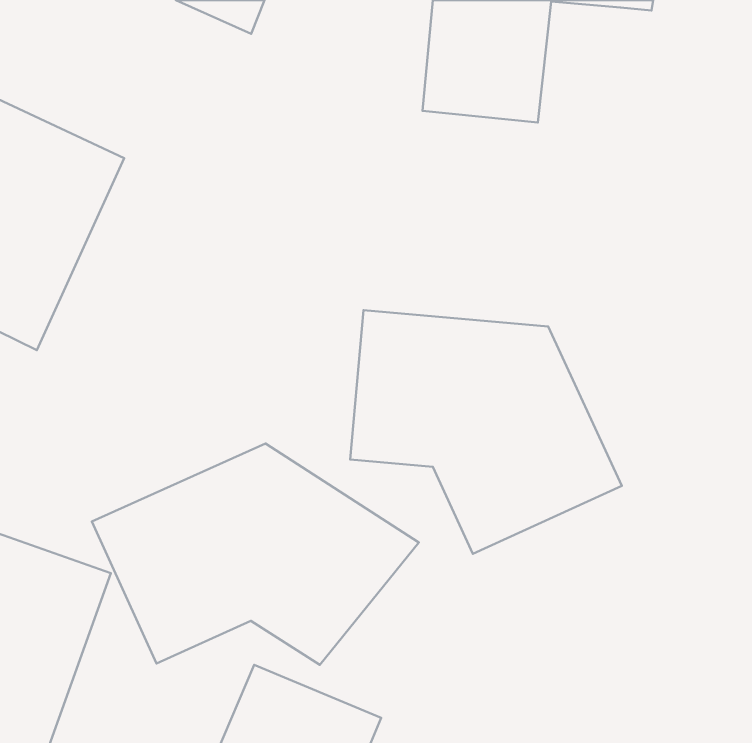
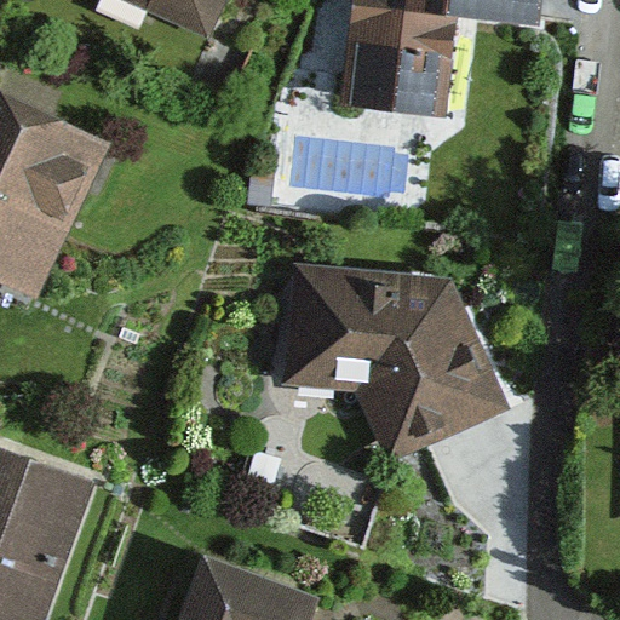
building: [92,444,419,665] -> none

